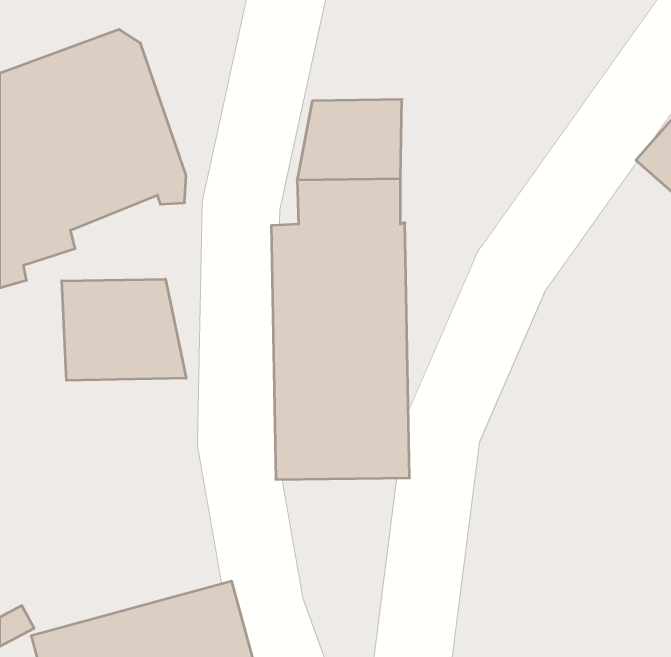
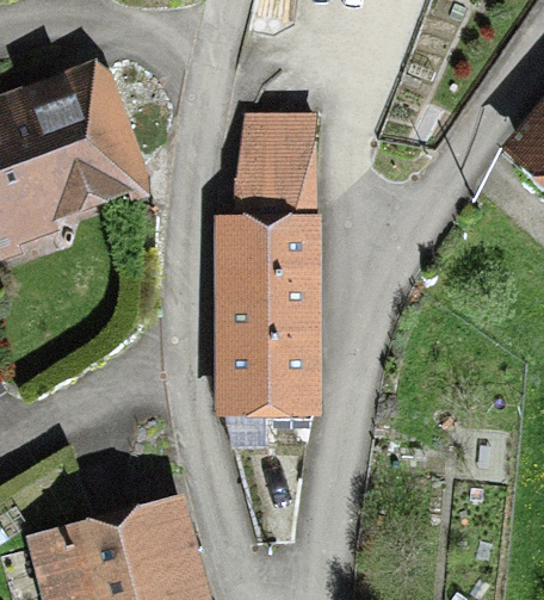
building: [62,279,186,380] -> none

